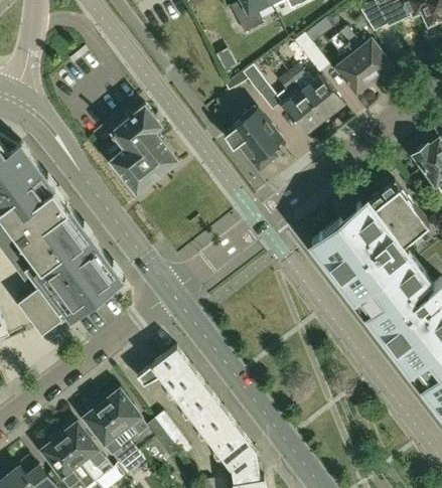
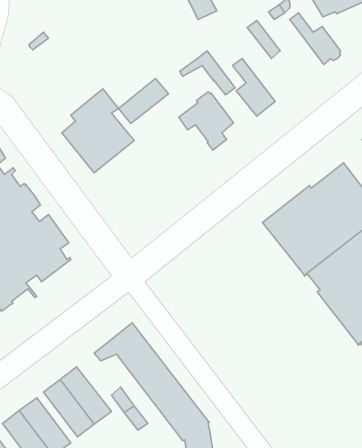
building: [328,34,373,94] -> none
building: [288,66,342,119] -> none
building: none -> [118,78,169,124]

